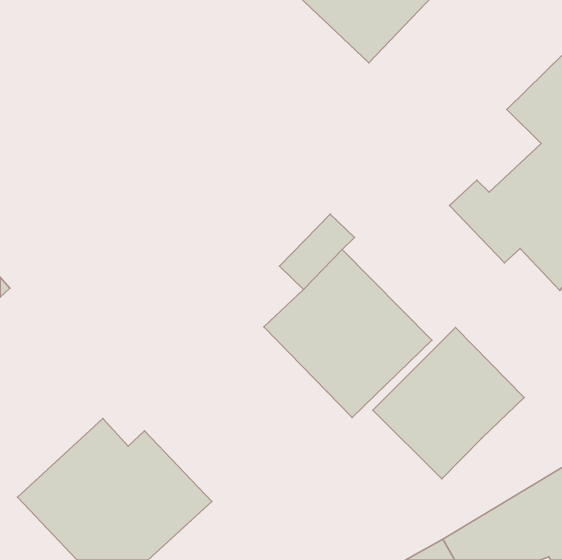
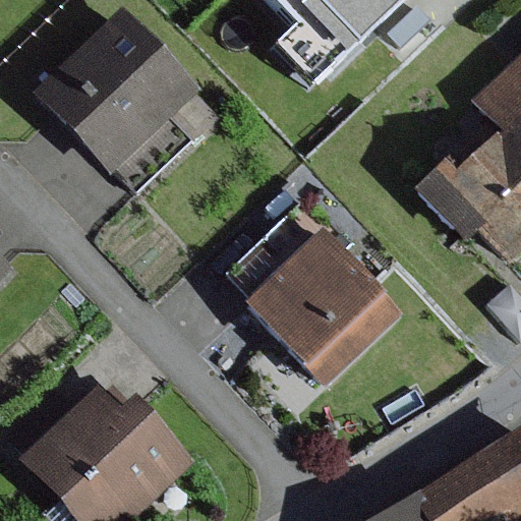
building: none -> [33,9,197,174]
building: [373,328,524,479] -> none

